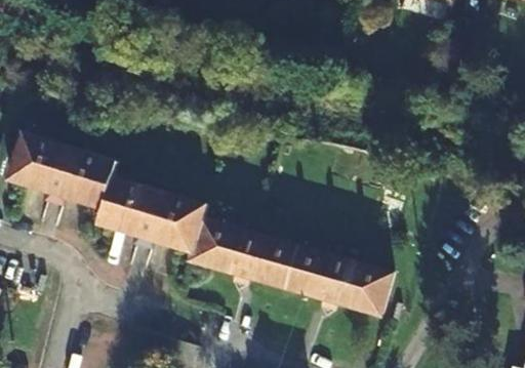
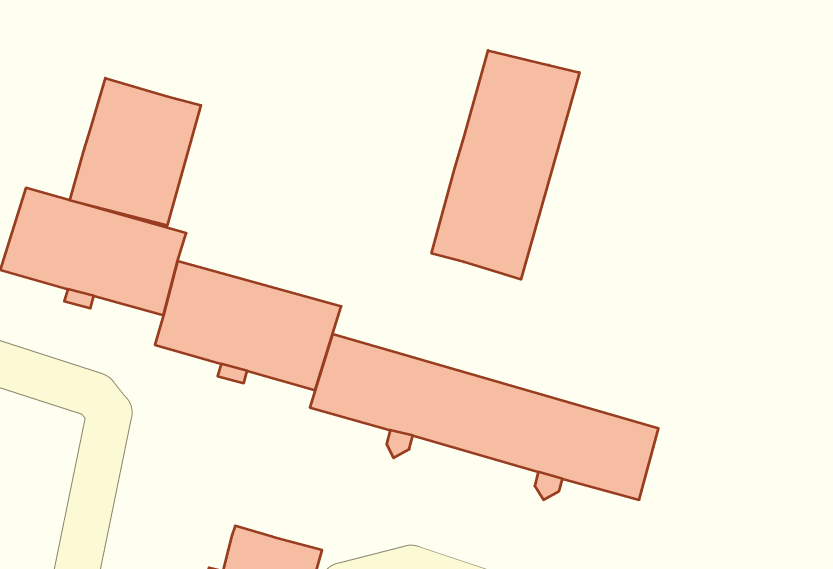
building: none -> [432,50,579,279]
building: none -> [70,78,201,226]

